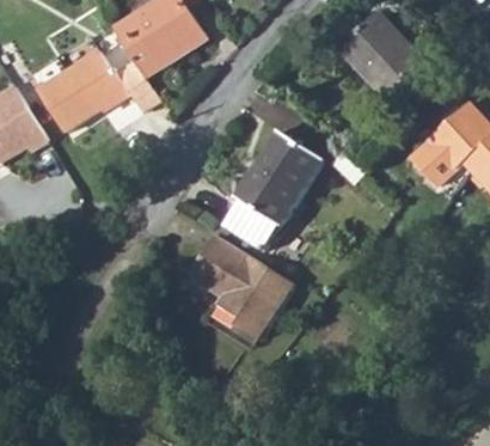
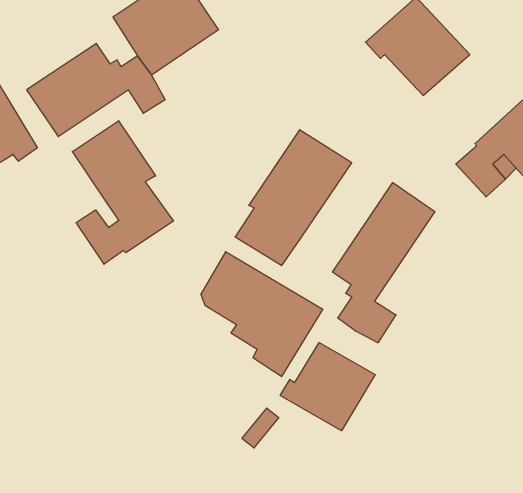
building: none -> [72,121,173,264]
building: none -> [333,183,435,343]
building: none -> [280,343,375,431]

